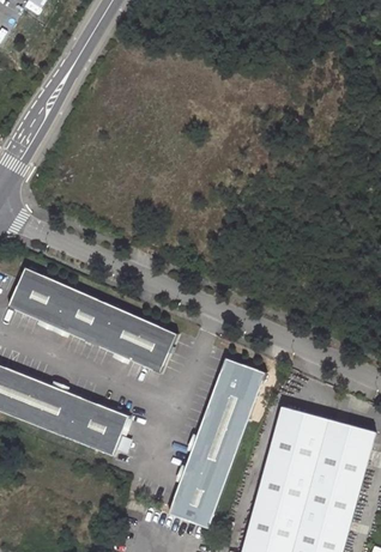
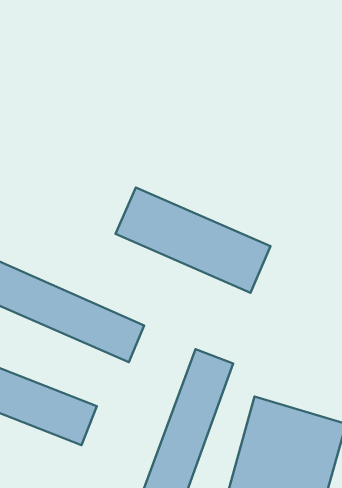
building: none -> [116,188,271,293]

